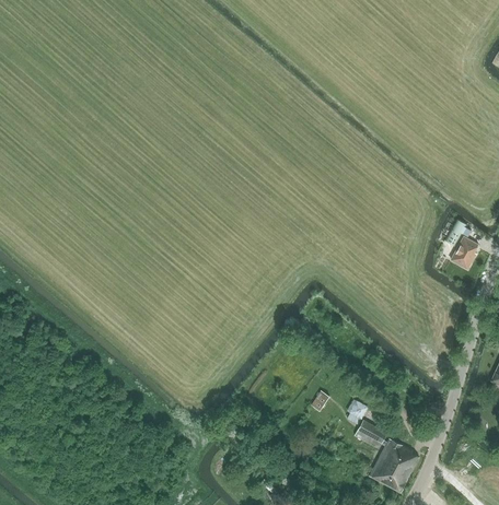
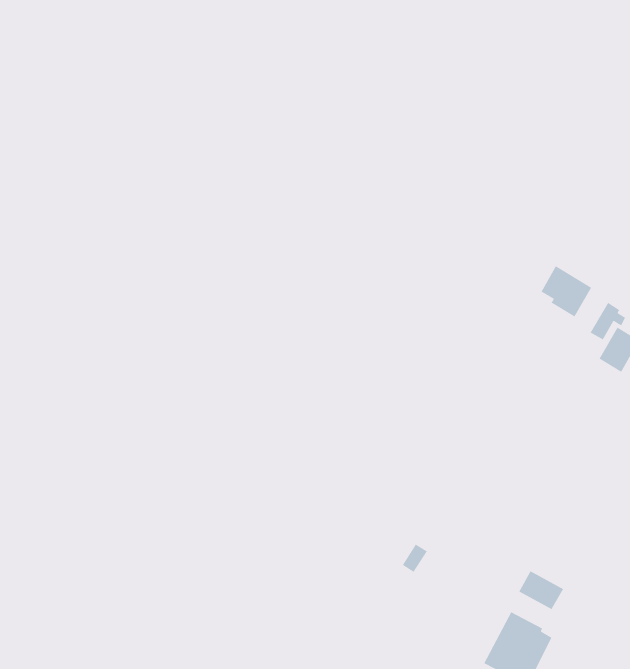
building: none -> [541,265,592,318]
building: [355,420,387,448] -> [518,570,564,610]

